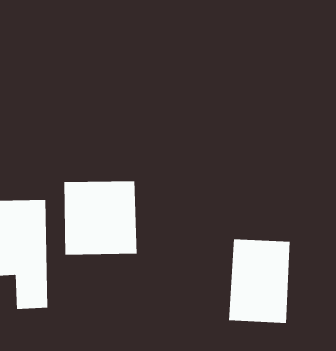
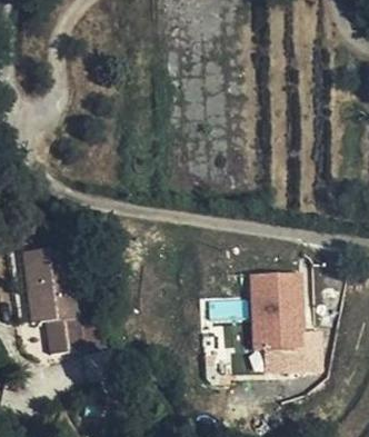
building: [64,180,137,255] -> none

